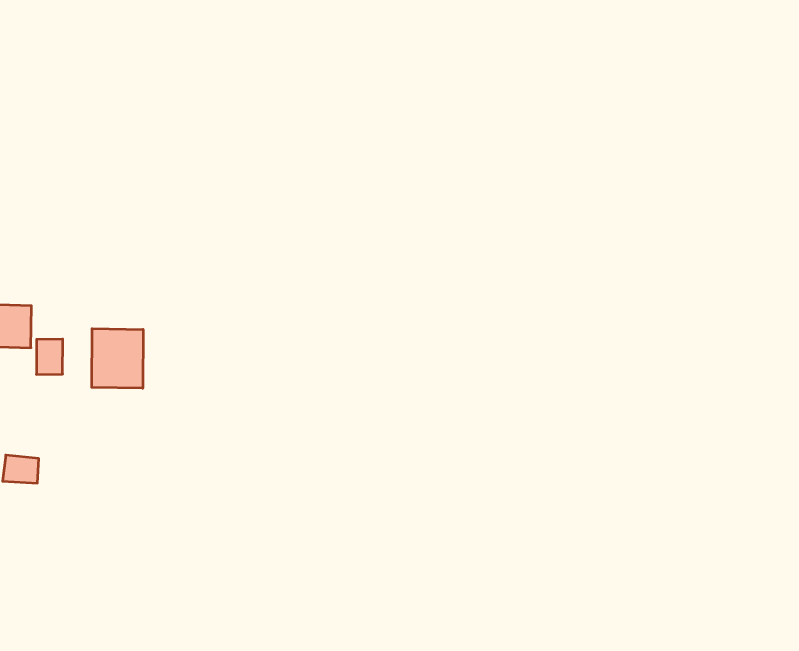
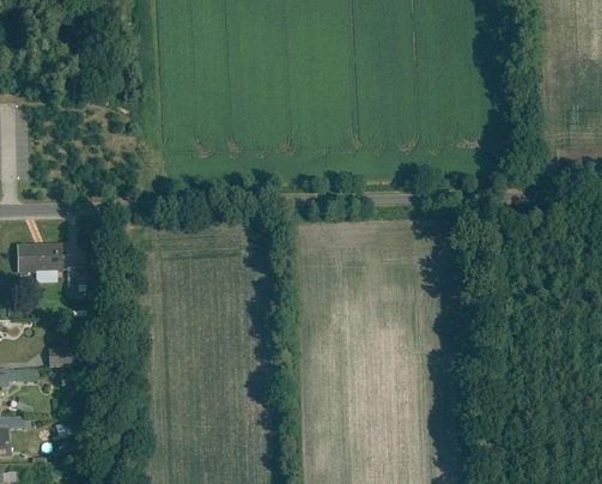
building: [92,329,143,388] -> none

